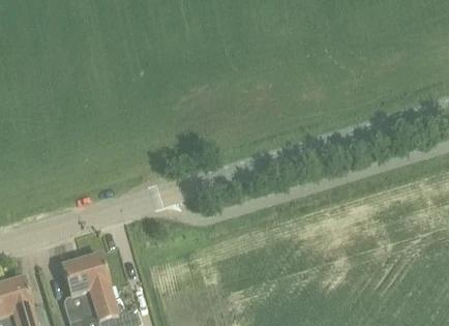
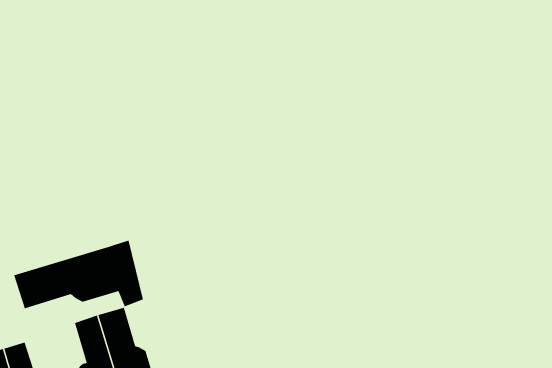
building: none -> [13,240,144,309]

